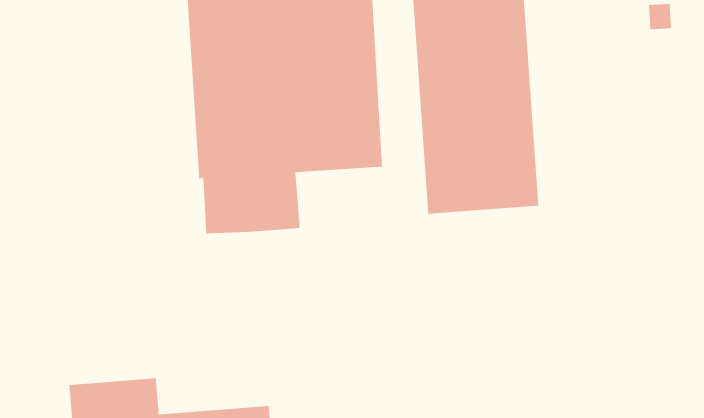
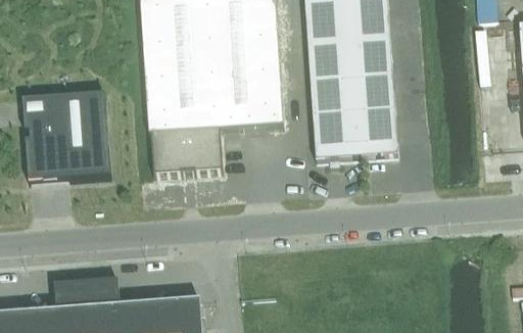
building: none -> [21,90,110,176]

